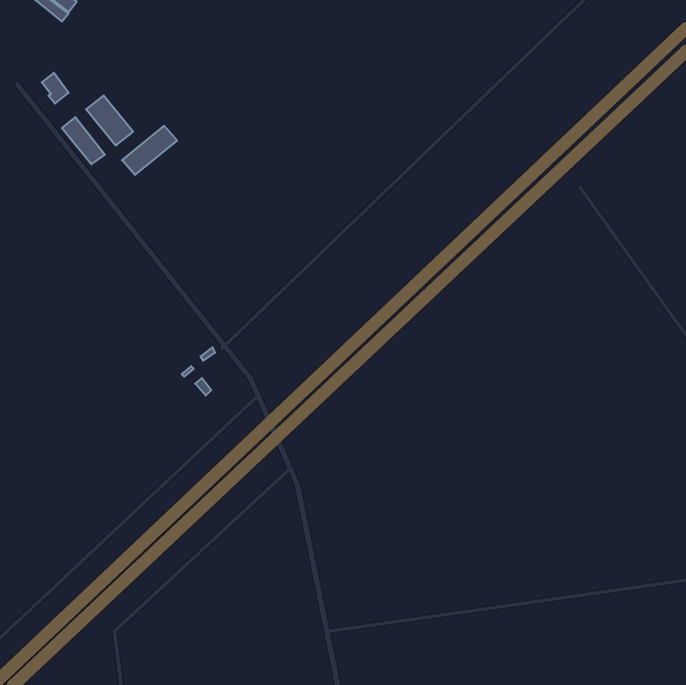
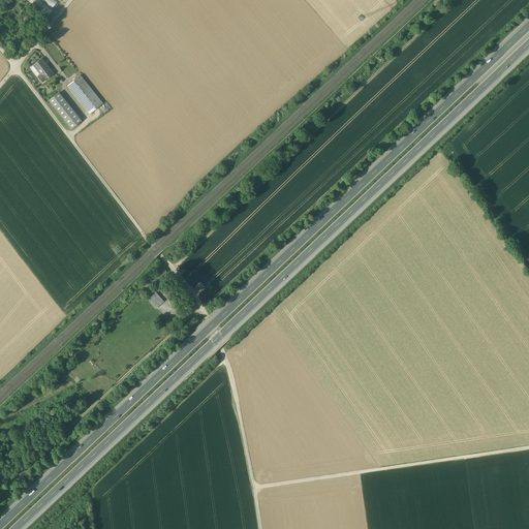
building: [122,126,177,175] -> none

